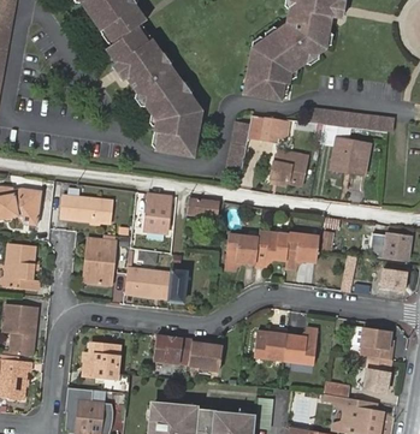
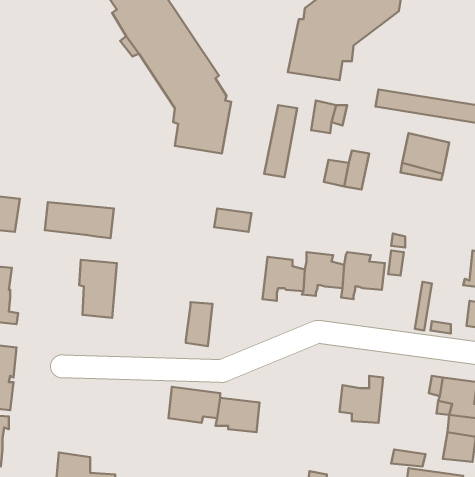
building: [138,192,171,236] -> none
building: [123,268,170,299] -> none
building: [254,329,286,361] -> none
building: [83,340,119,379] -> none

